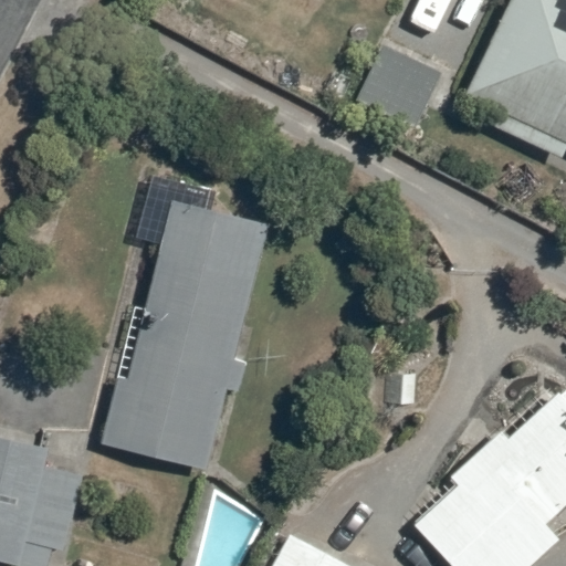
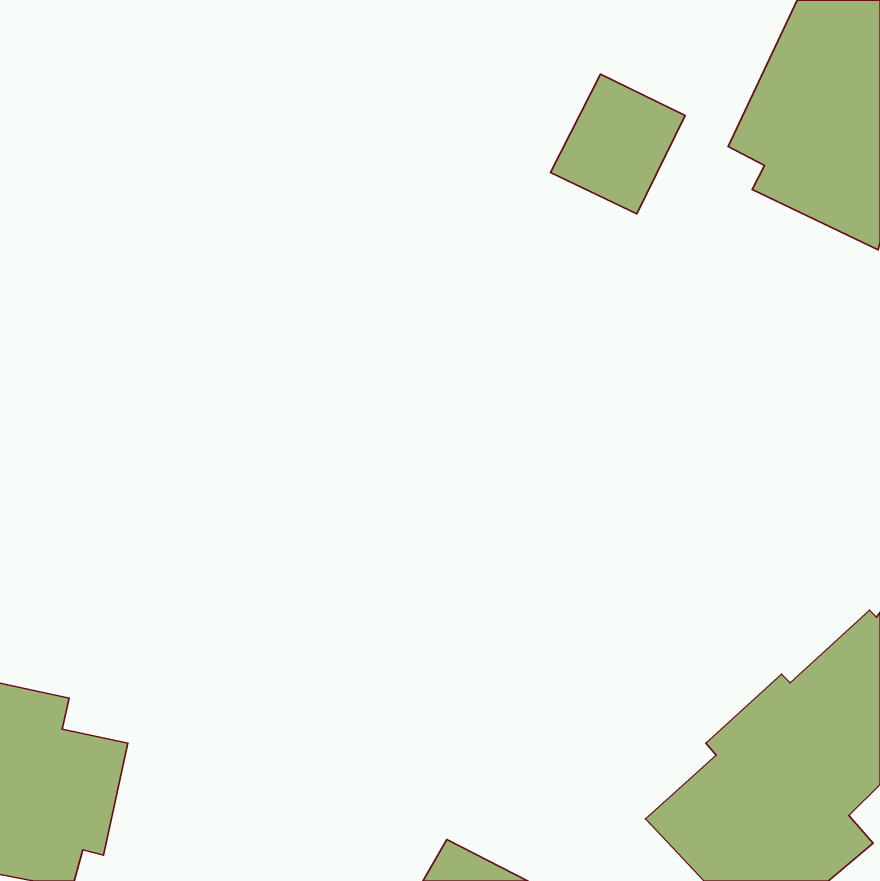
building: [103,202,266,468] -> none

